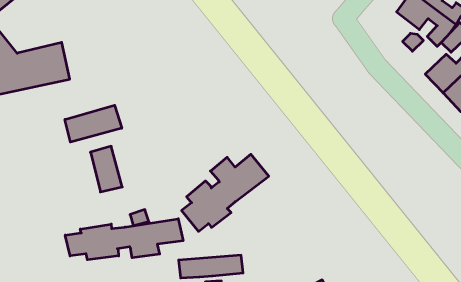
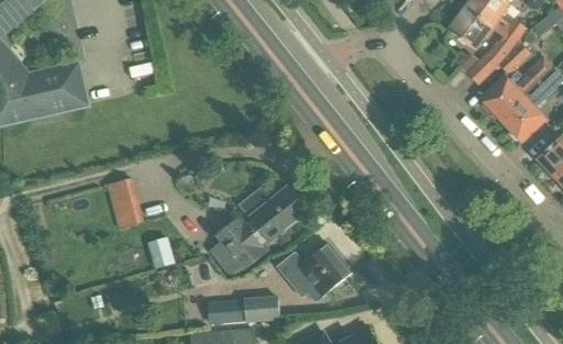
building: [65,105,122,142] -> none
building: none -> [276,242,352,300]
building: [65,219,183,260] -> none

